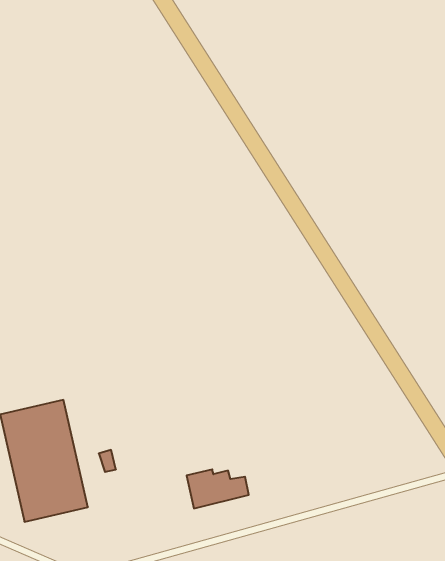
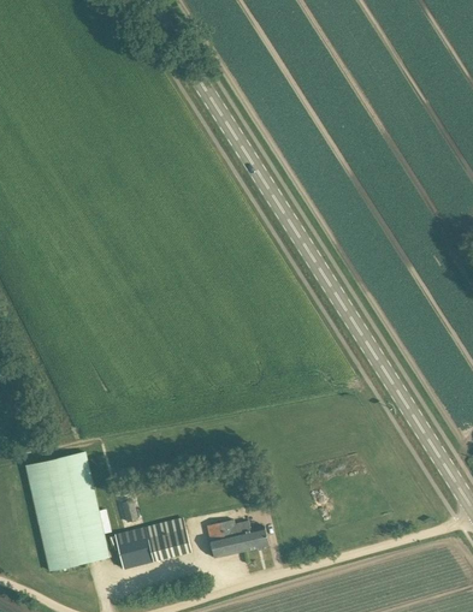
building: none -> [114,517,191,568]

